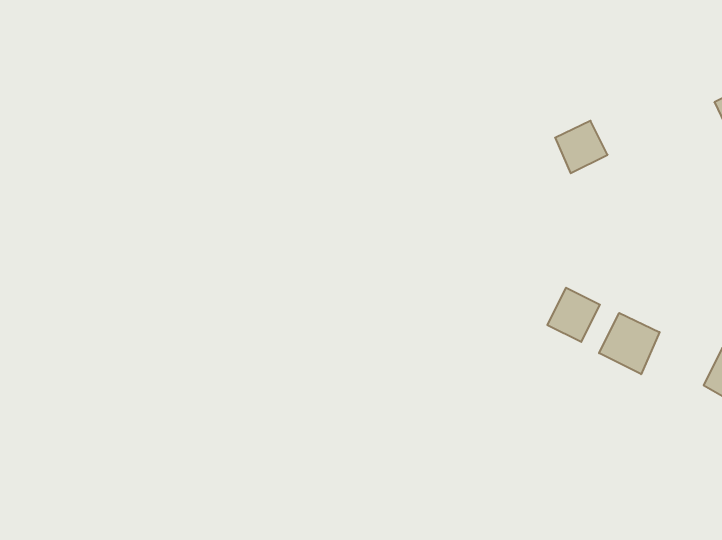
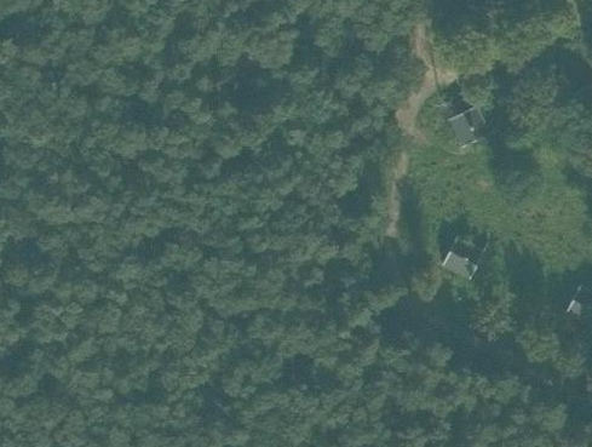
building: [599,313,660,374] -> none

